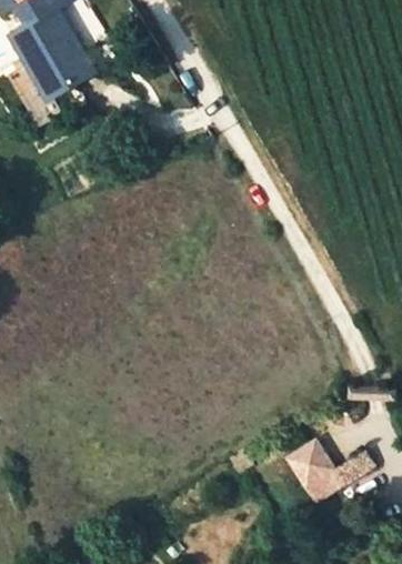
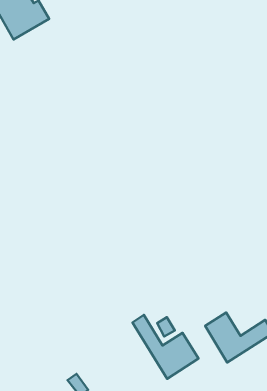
building: none -> [132,315,198,379]

